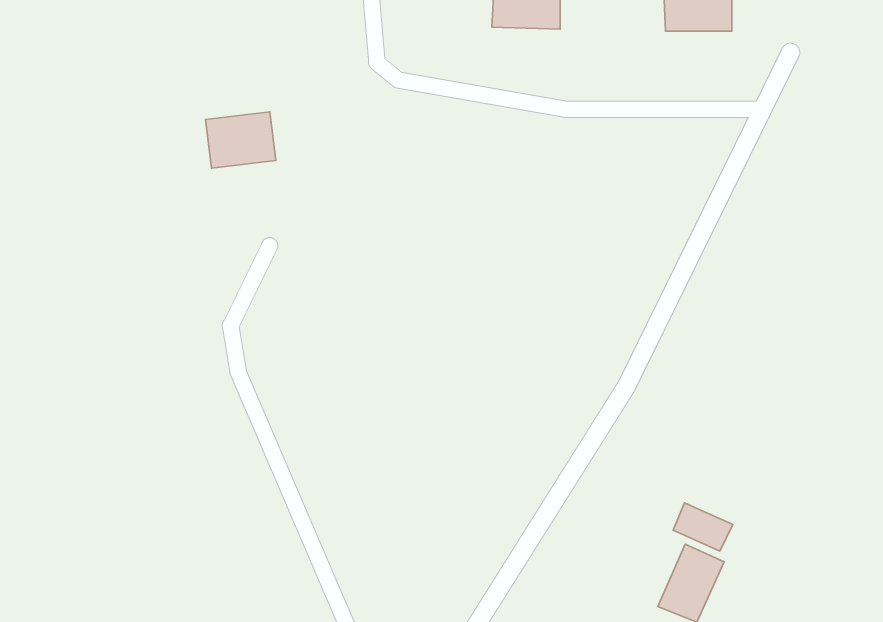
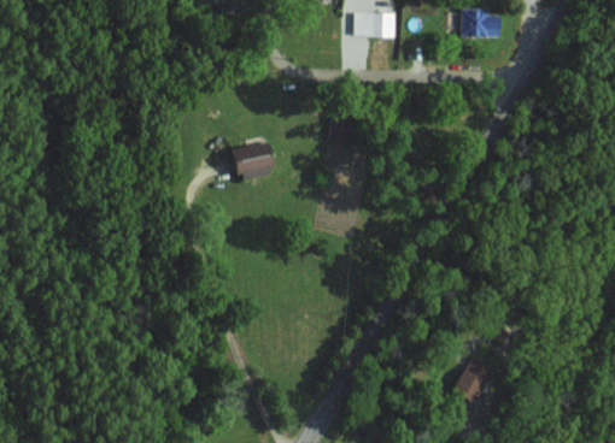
building: [205,112,276,168] -> [228,143,271,178]
building: [673,503,733,551] -> none

